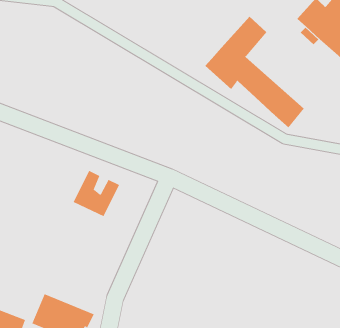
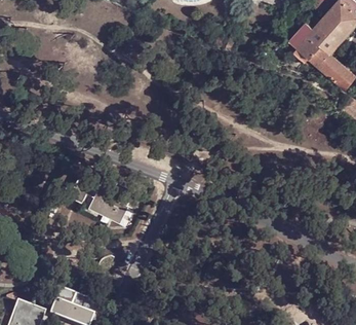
building: [204,16,304,128] -> none

